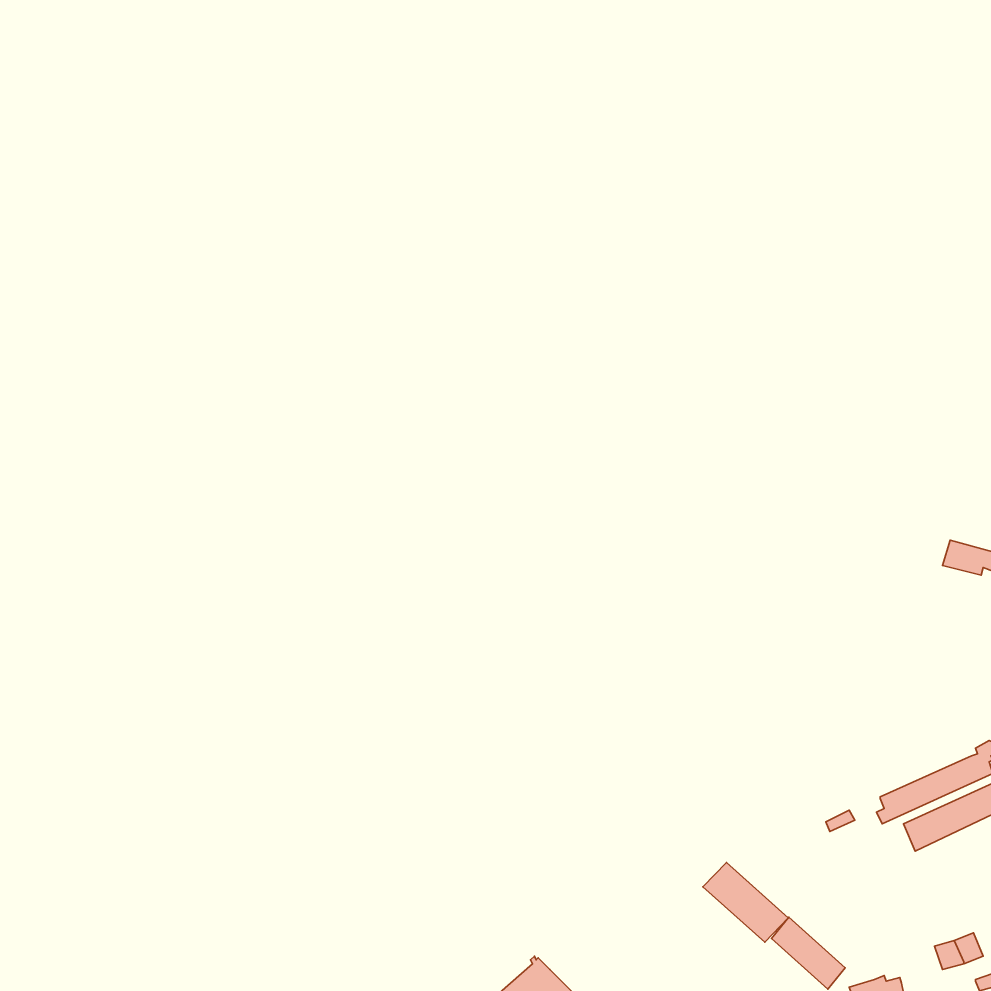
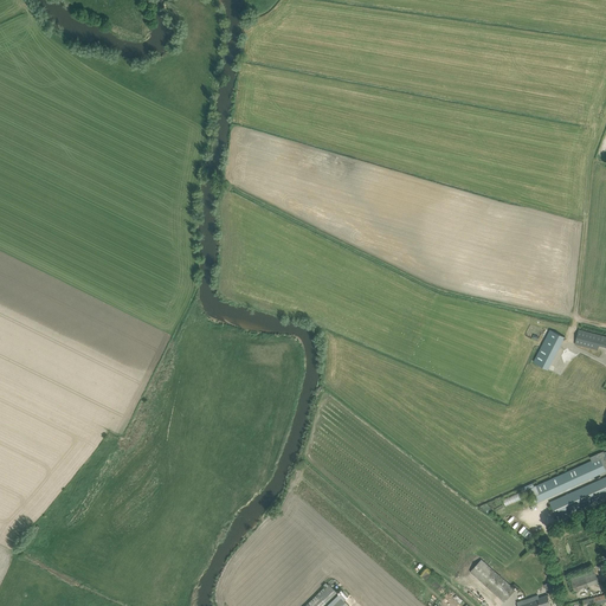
building: none -> [534,330,566,370]
building: [703,863,788,942] -> none

